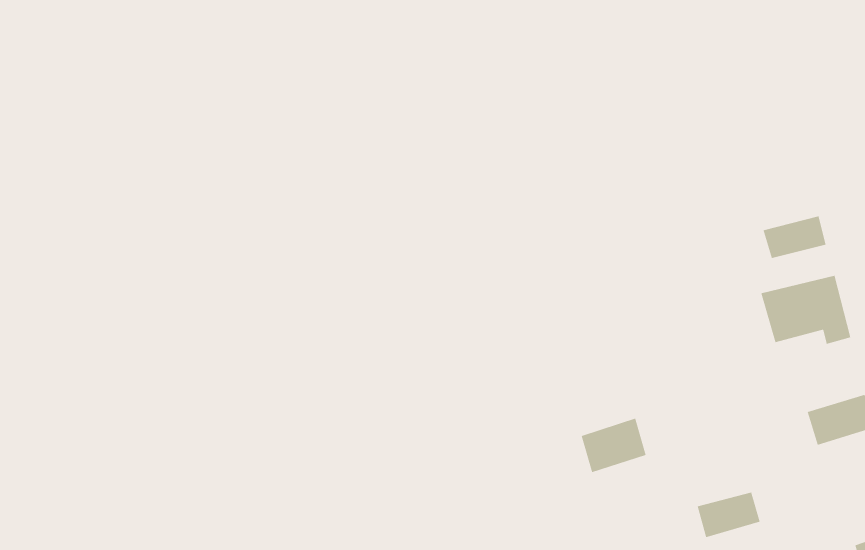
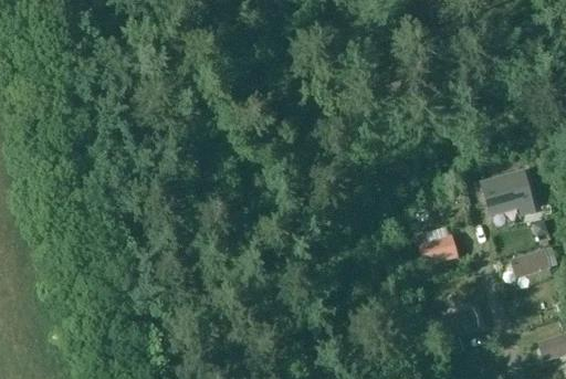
building: [763,215,826,259] -> none
building: [581,418,646,473] -> [418,232,459,266]

